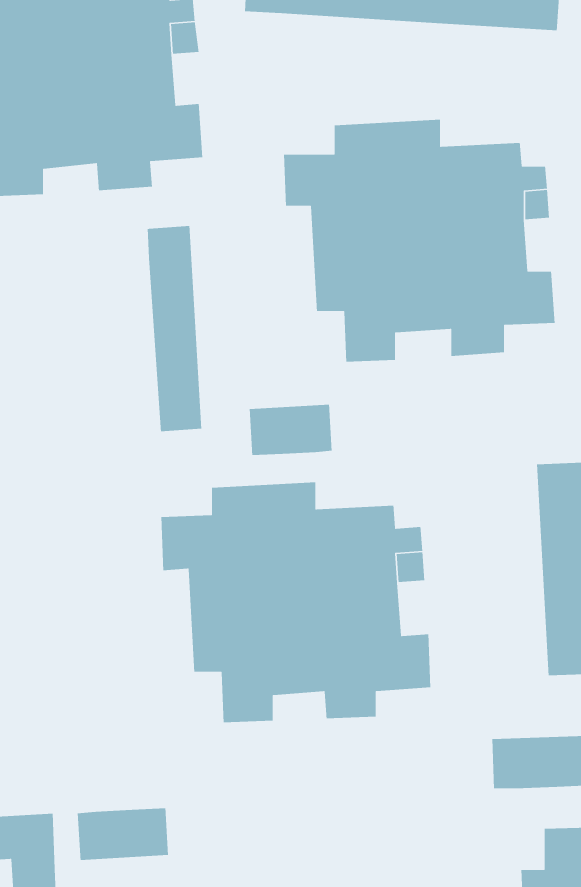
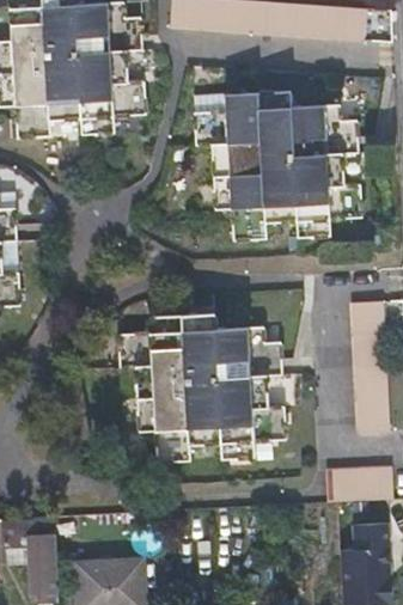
building: [147,225,202,432] -> none
building: [249,404,332,456] -> none
building: [77,808,169,861] -> none

